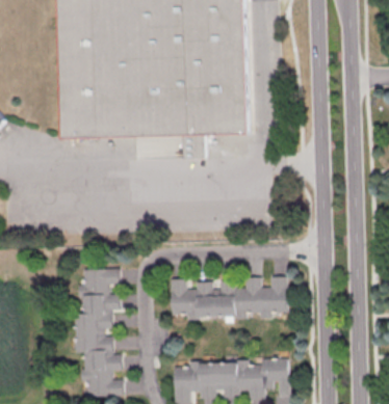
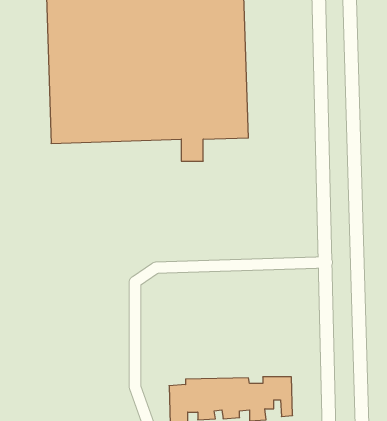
building: [77,267,123,395] -> none
building: [168,276,286,319] -> none

